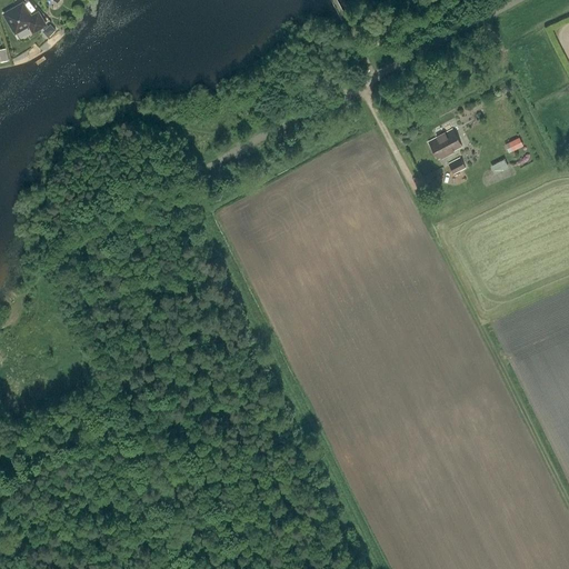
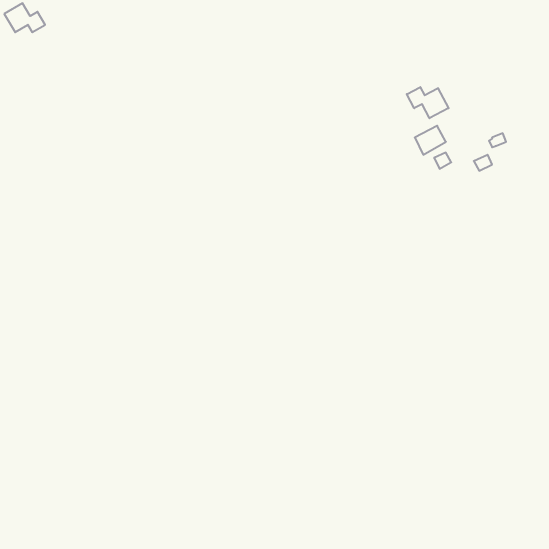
building: none -> [407,87,449,118]

